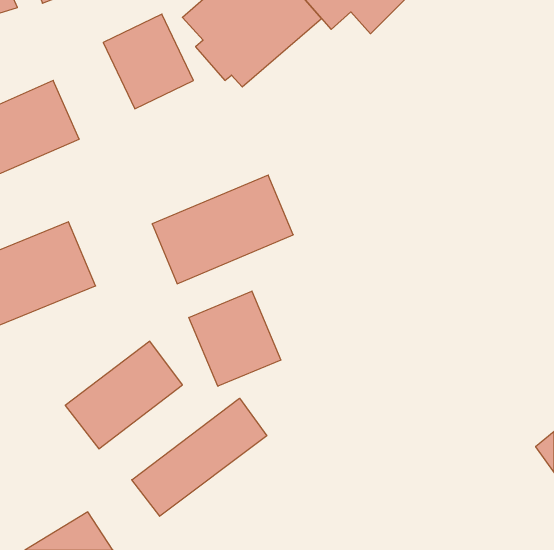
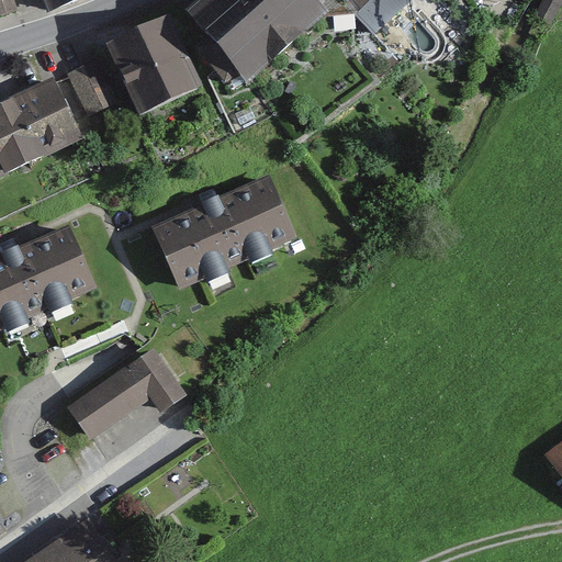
building: none -> [65,61,112,108]
building: [189,291,281,386] -> none
building: [132,398,267,516] -> none

